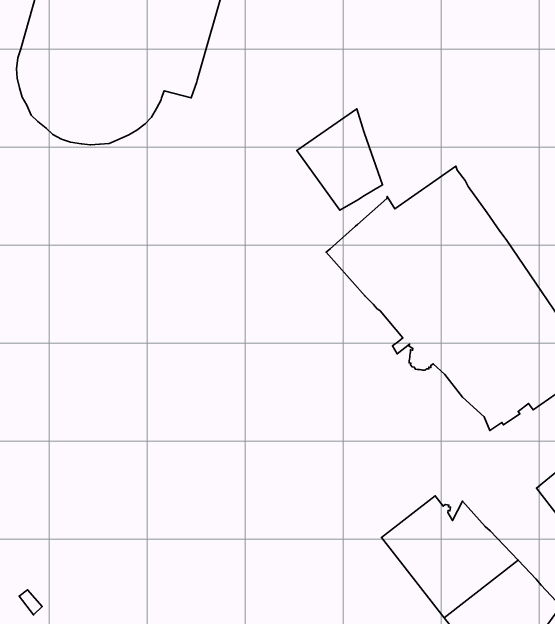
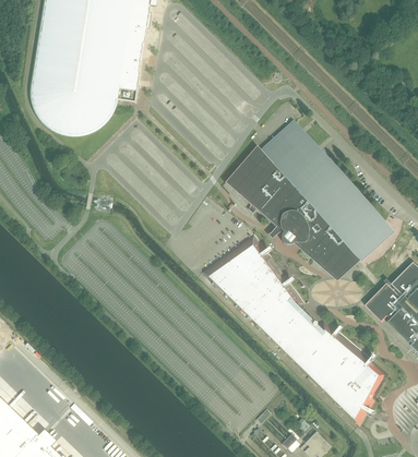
building: [297,109,382,210] -> none
building: none -> [201,232,306,345]

